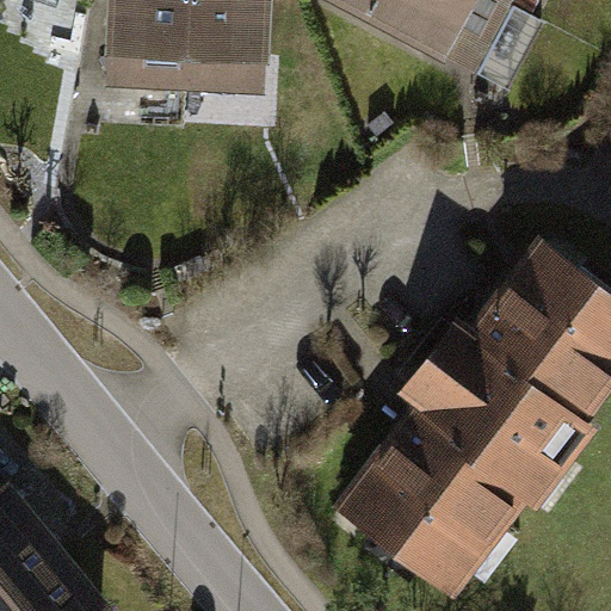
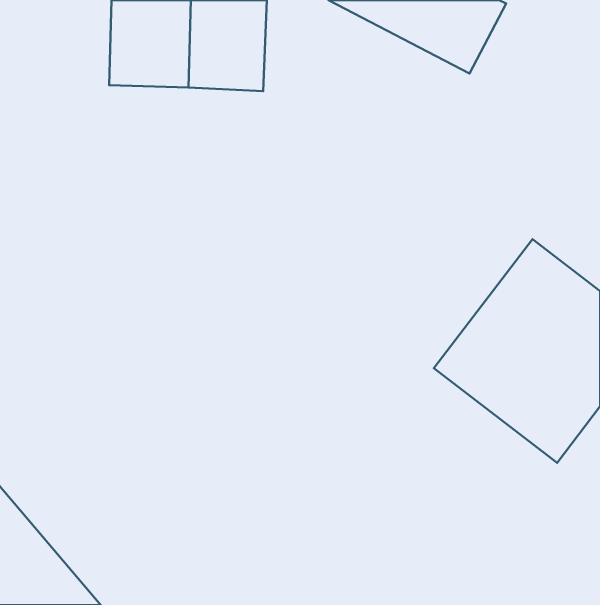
building: [337,371,561,597] -> none

